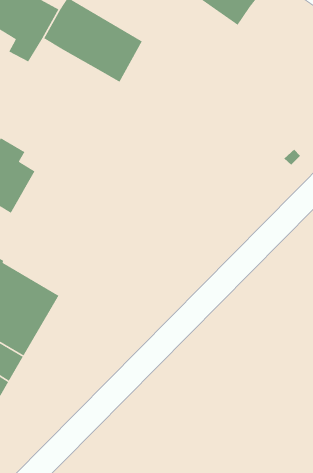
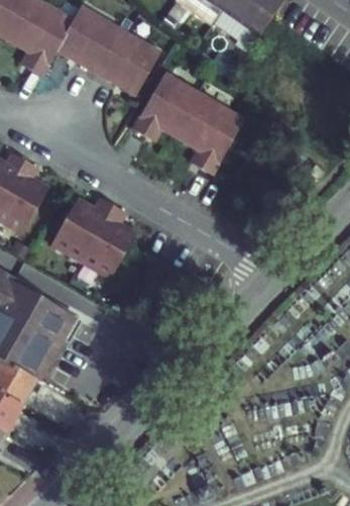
building: none -> [133,72,244,174]
building: none -> [51,197,137,277]

